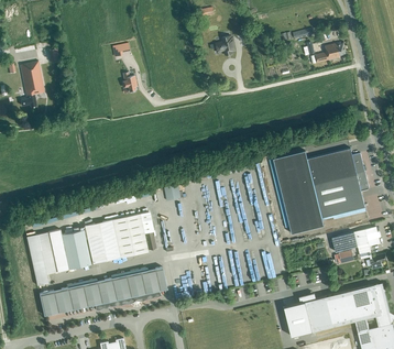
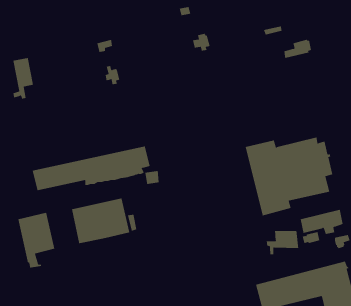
building: [62,230,91,270] -> none
building: none -> [266,230,299,255]
building: [39,268,167,316] -> [32,146,150,191]

